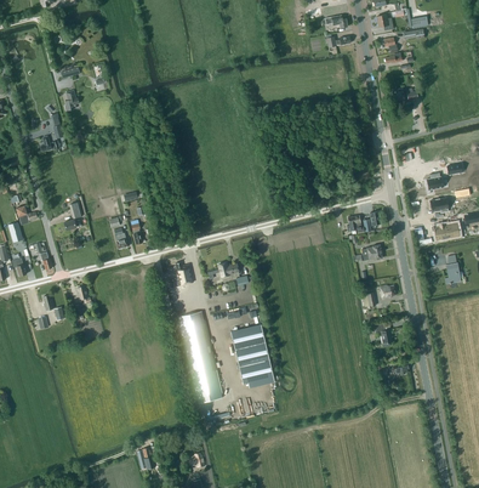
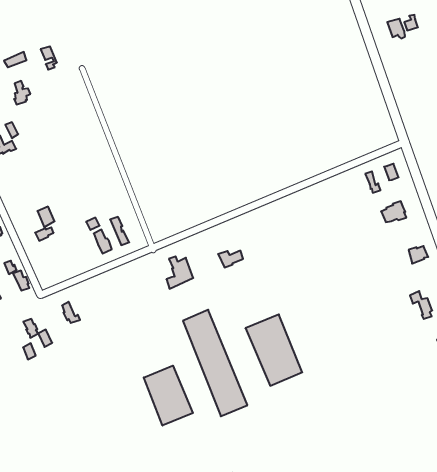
building: none -> [144,366,193,426]

